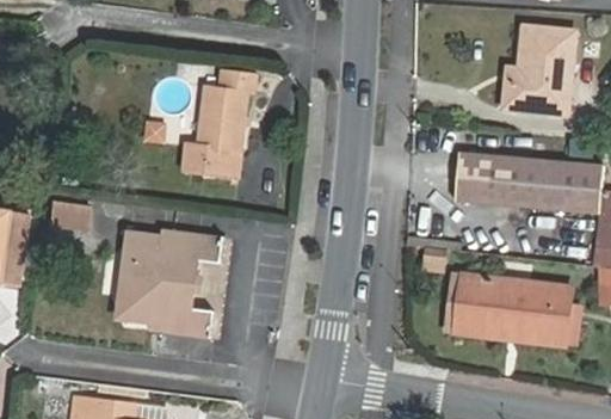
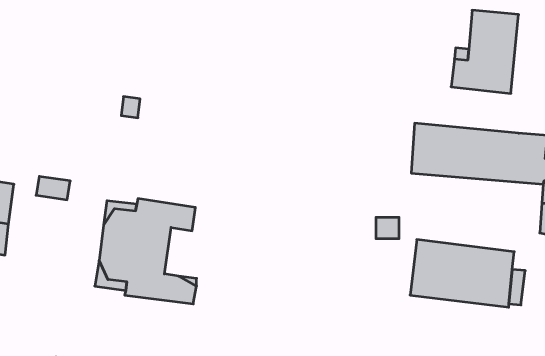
building: [184,69,257,179] -> none

